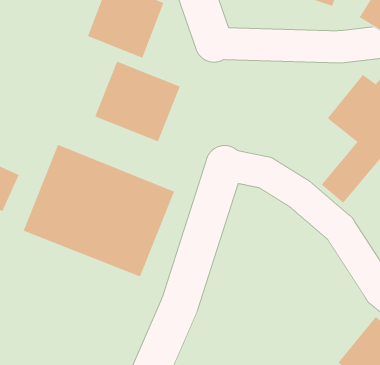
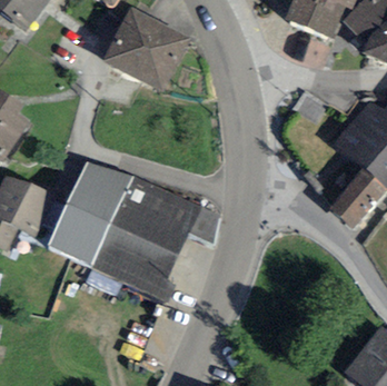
building: [94,61,181,142] -> none

